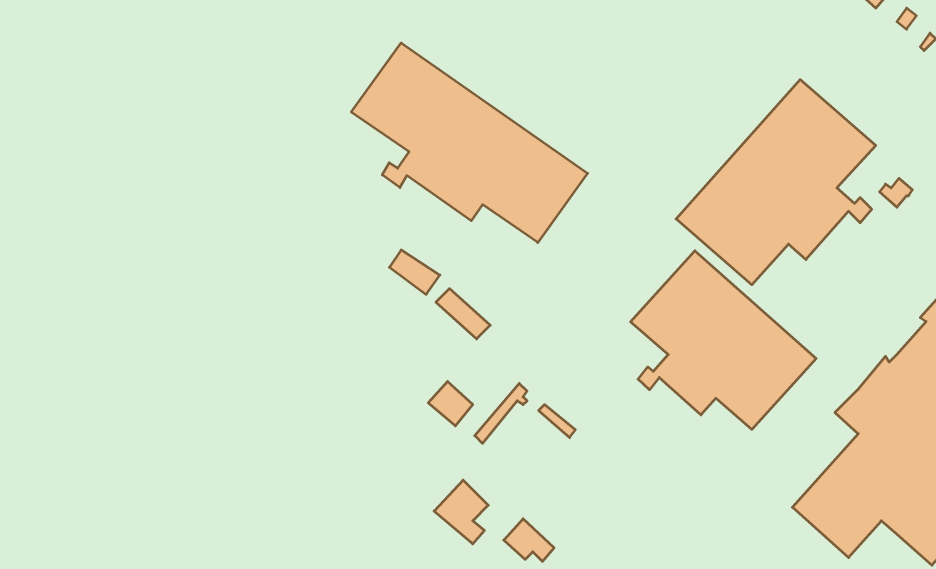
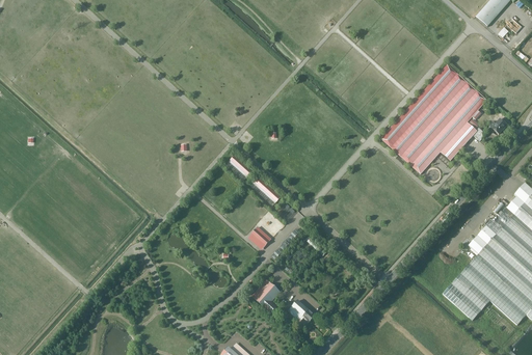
building: [351,43,588,243] -> none
building: [631,251,816,429] -> none

